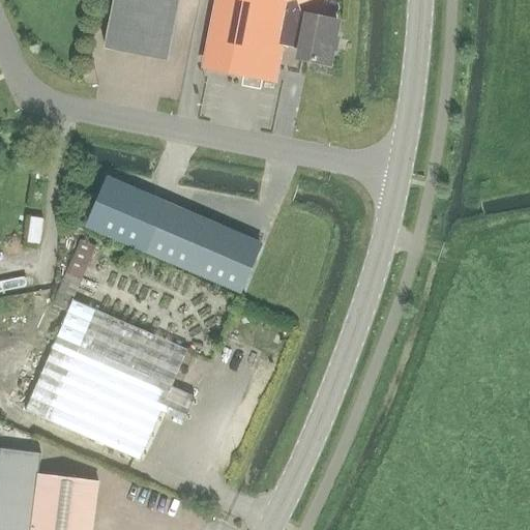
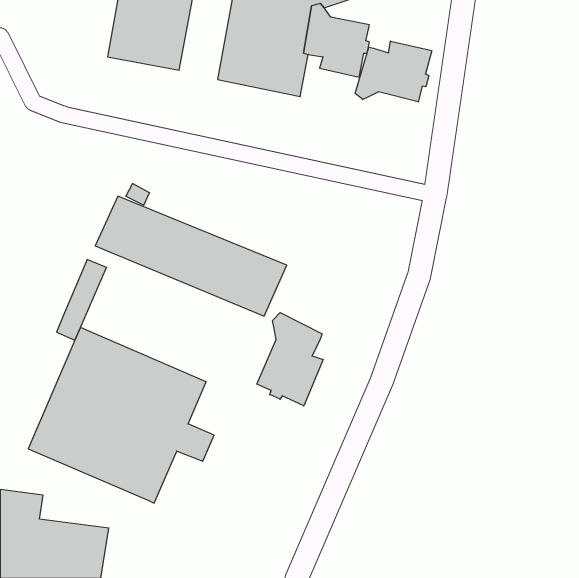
building: none -> [355,41,432,102]
building: none -> [257,313,323,406]

